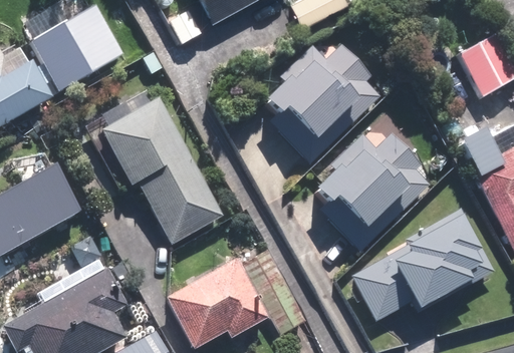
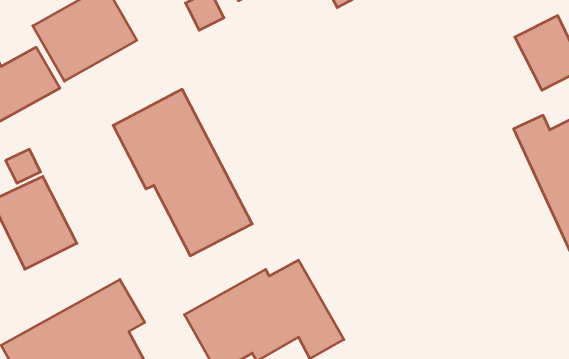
building: [266,44,384,166] -> none
building: [310,133,434,252] -> none
building: [350,211,495,321] -> none

